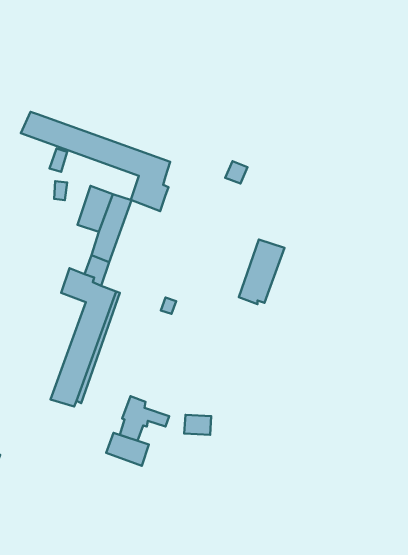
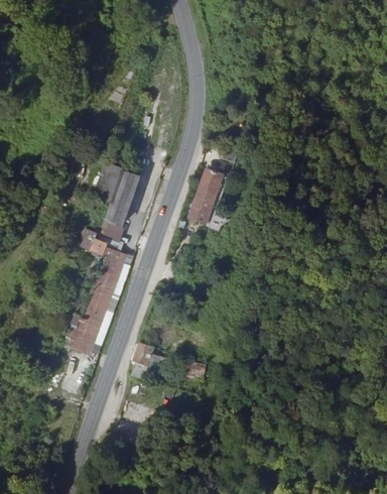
building: [21,112,170,211] -> none
building: [239,239,285,304] -> [188,168,228,224]
building: [106,433,149,466] -> none

